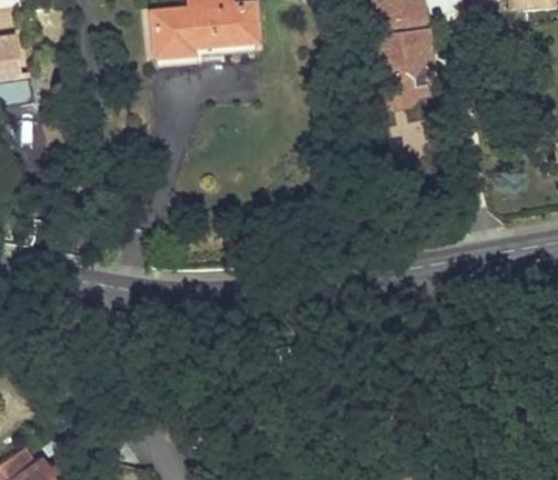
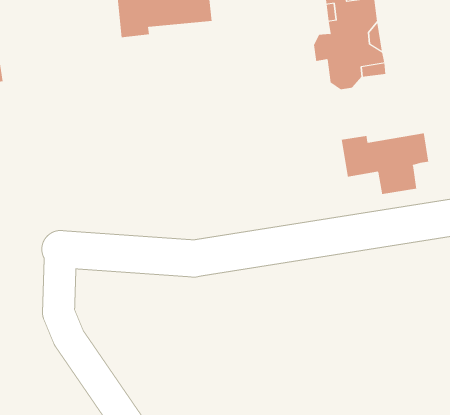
building: none -> [341,133,429,195]

